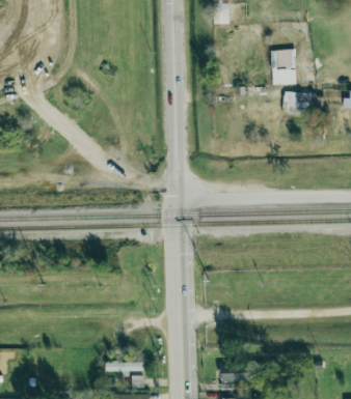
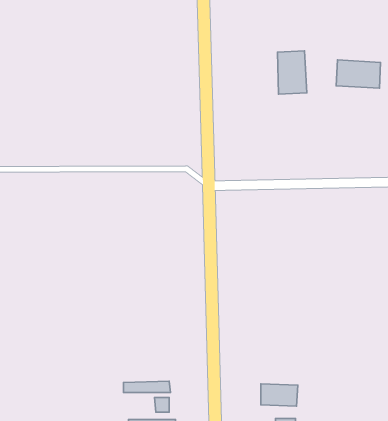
building: [271,49,296,85] -> [277,51,307,94]

